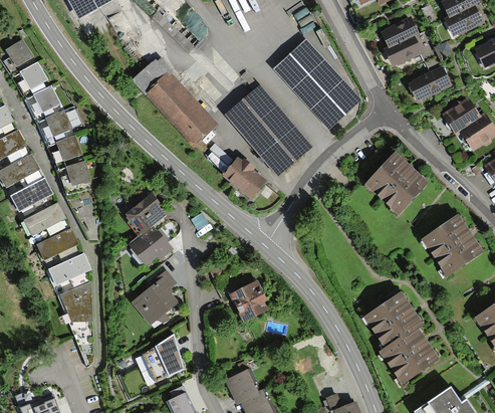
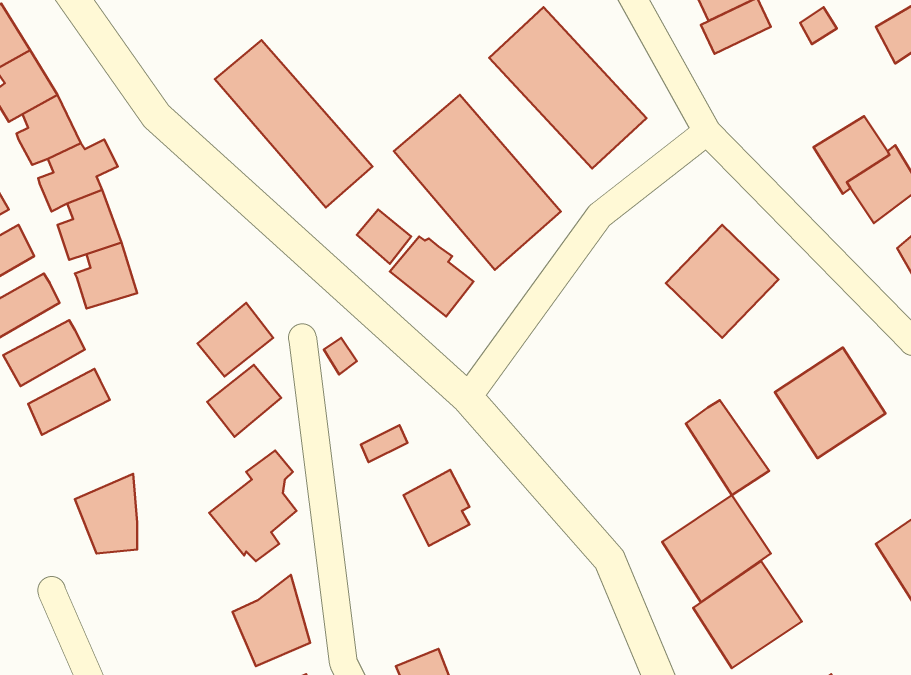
building: [408,66,450,99] -> none
building: none -> [686,400,769,495]
building: [49,253,91,285] -> none

